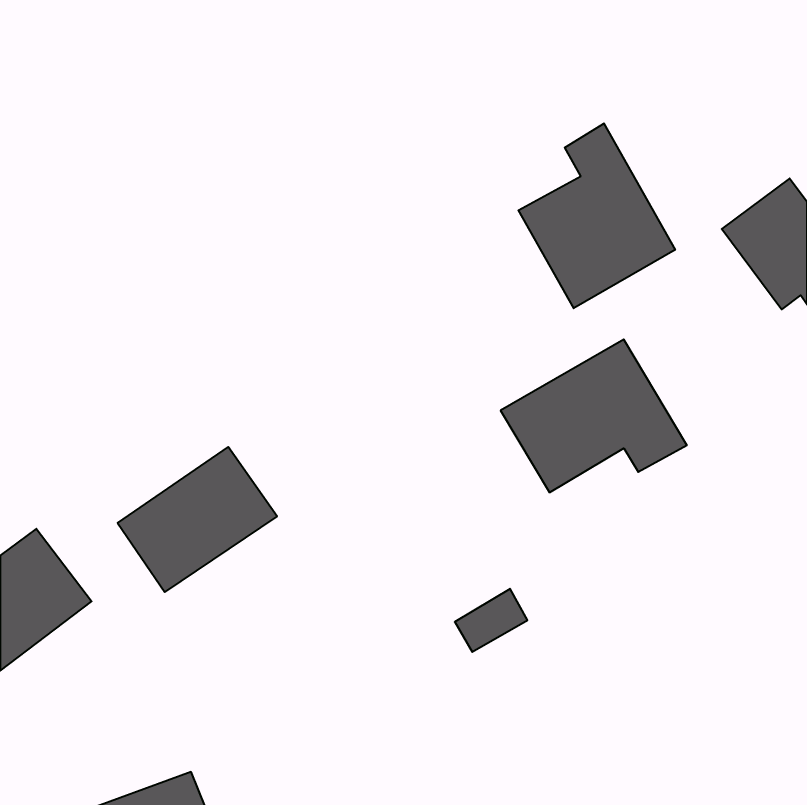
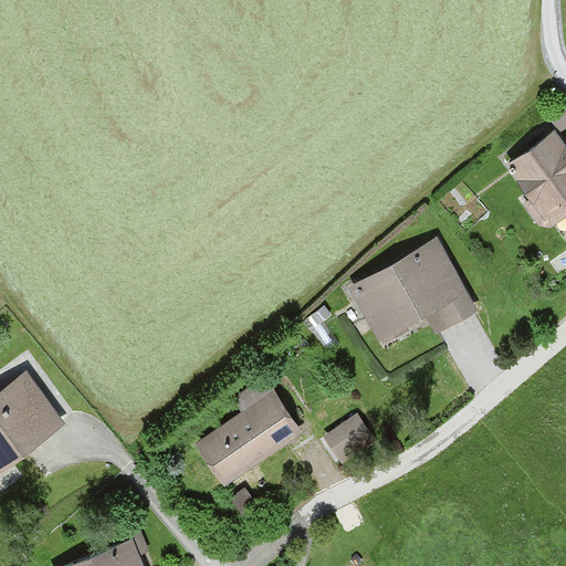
building: [518,123,675,308] -> none
building: [118,447,277,592] -> [192,386,304,488]

